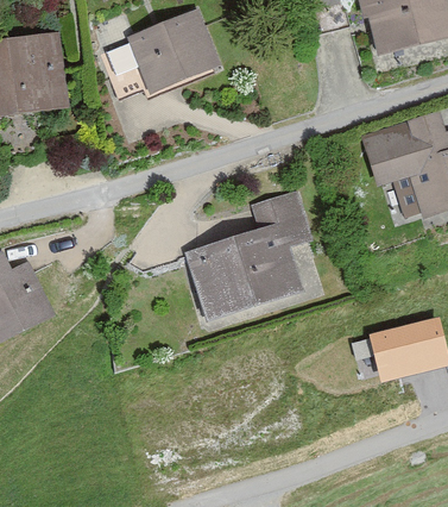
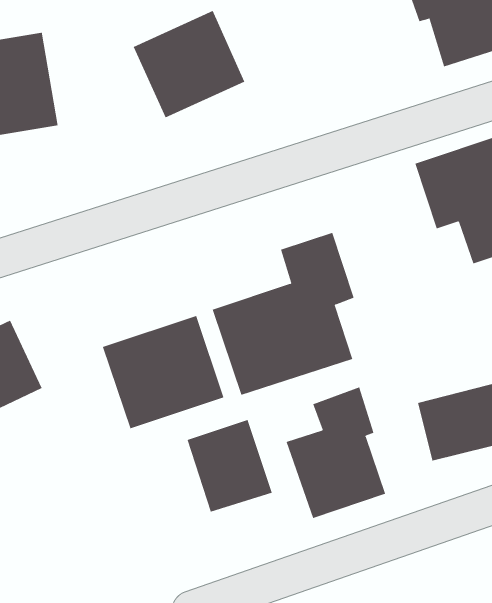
building: none -> [102,315,224,429]
building: none -> [286,386,386,519]
building: none -> [187,419,273,512]

